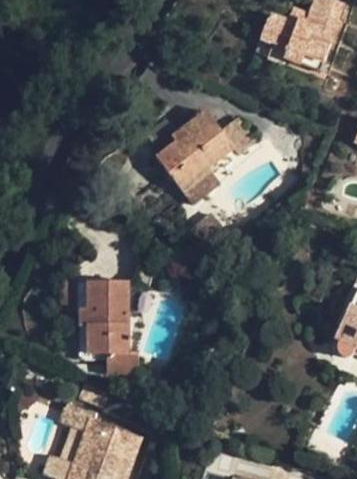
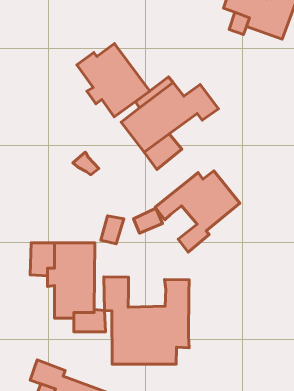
building: none -> [77,44,150,117]
building: none -> [155,171,240,252]
building: none -> [104,277,189,364]

